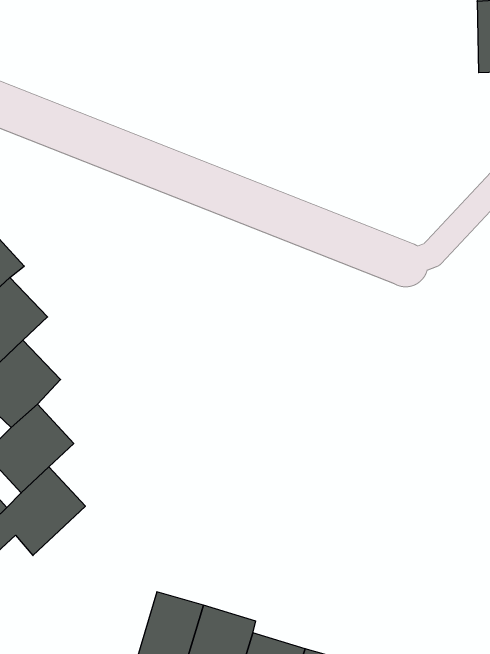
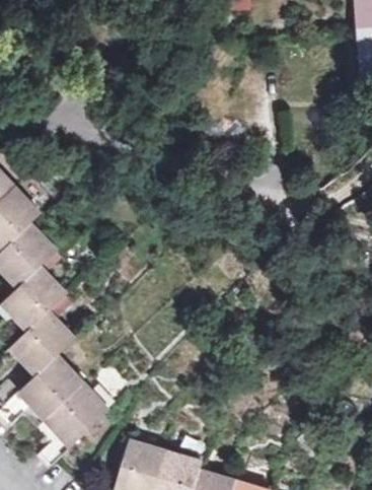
building: none -> [33,379,107,467]

